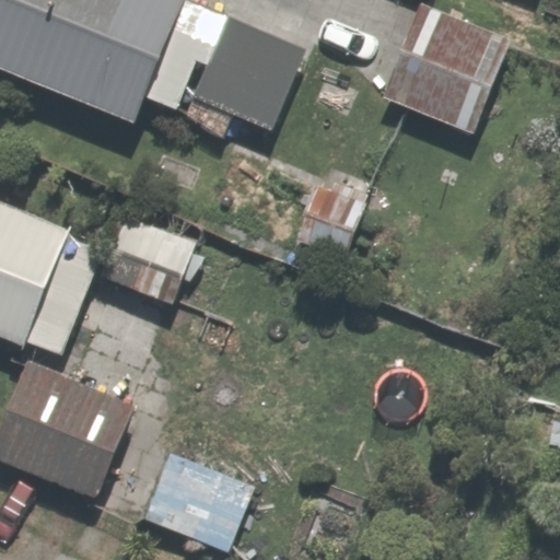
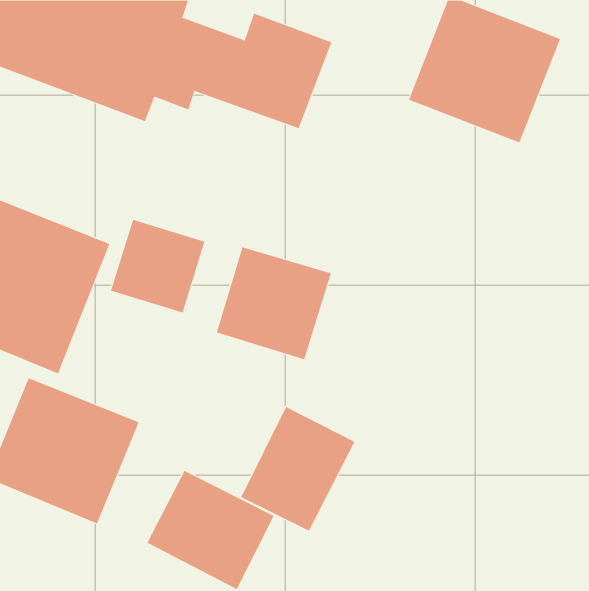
building: none -> [216,246,331,360]
building: none -> [241,406,355,532]

